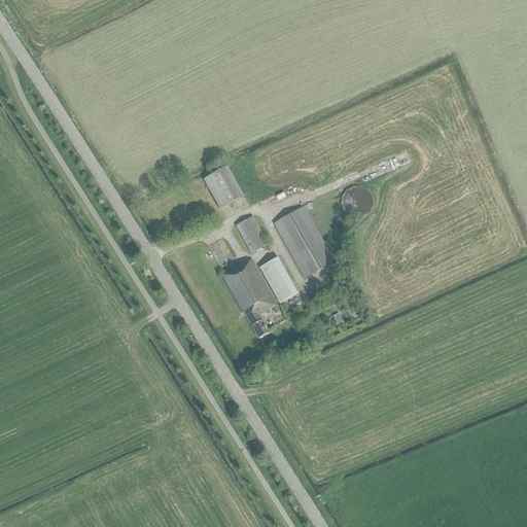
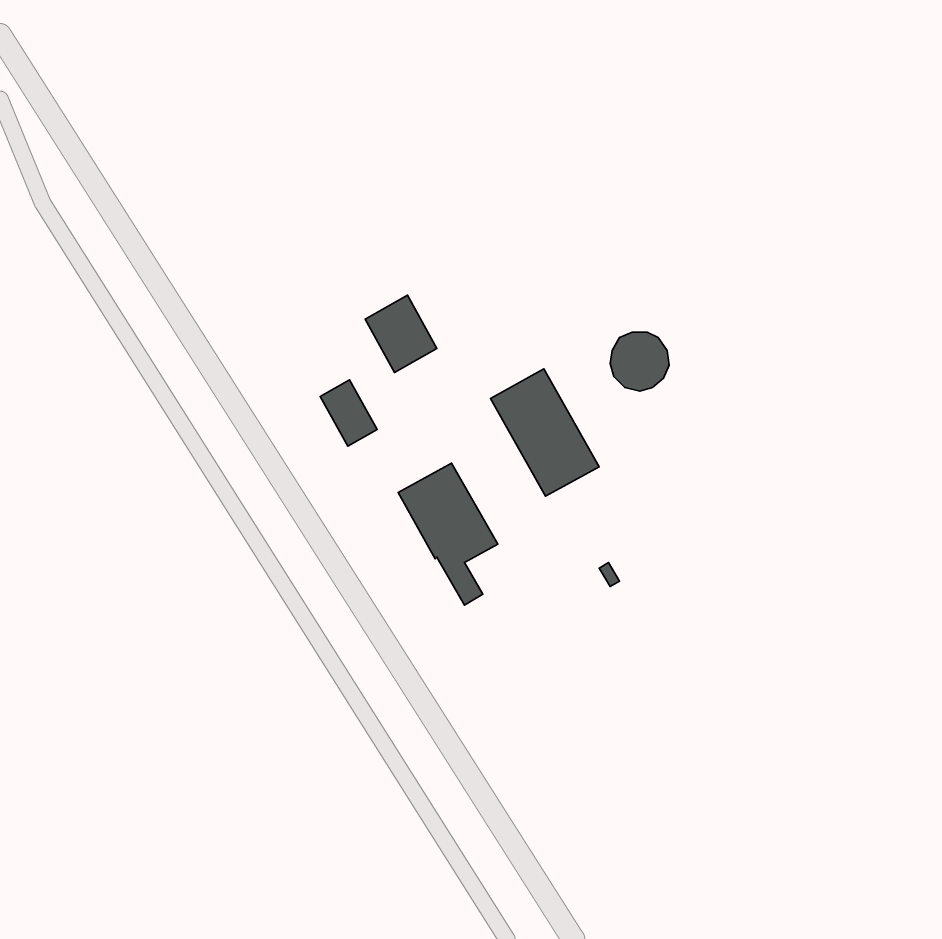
building: [236,215,268,252] -> [320,380,377,446]
building: [259,256,298,303] -> none

